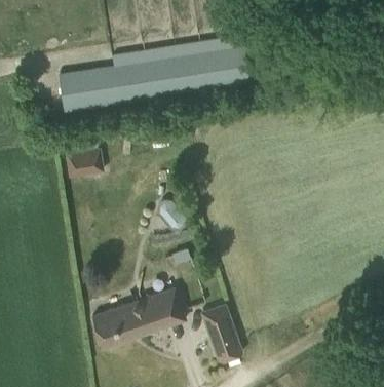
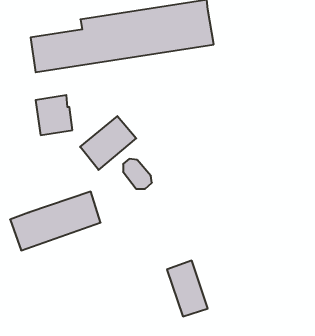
building: none -> [80,116,136,170]
building: [91,287,185,348] -> [10,192,101,250]

